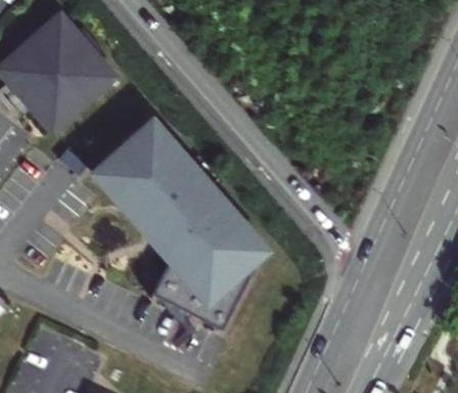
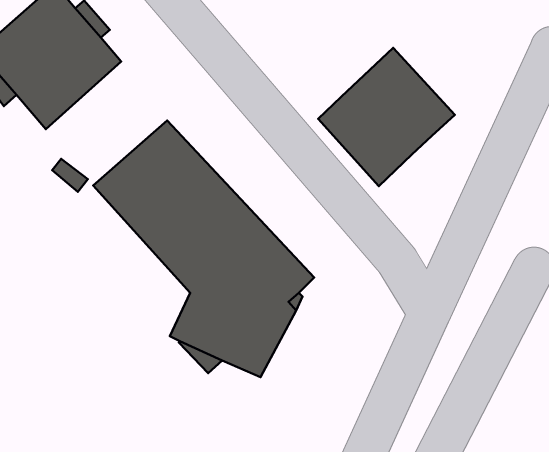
building: none -> [318,48,455,186]

